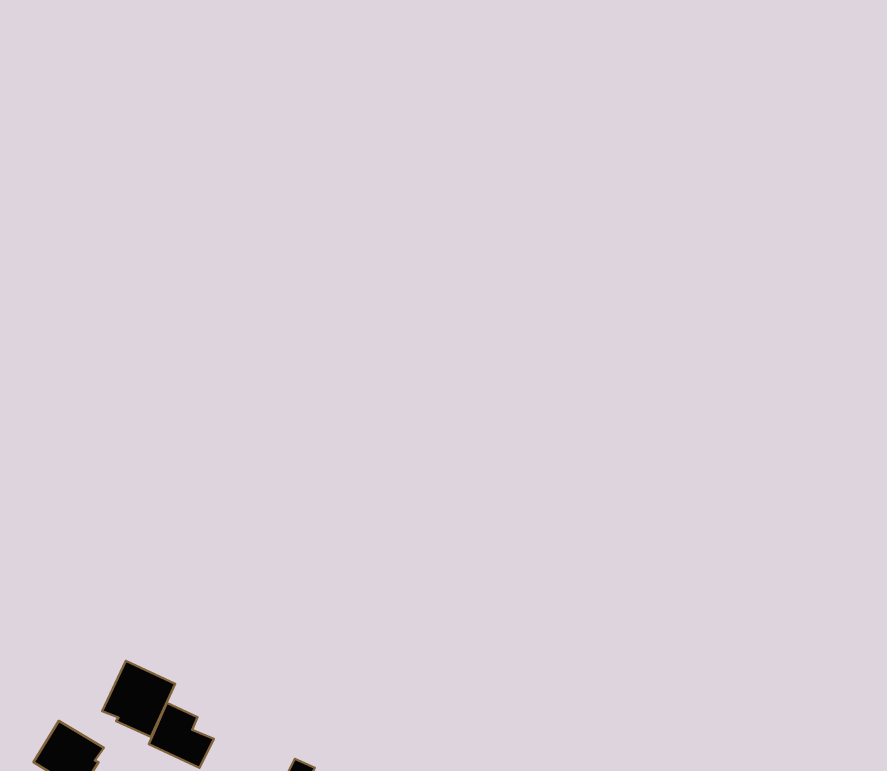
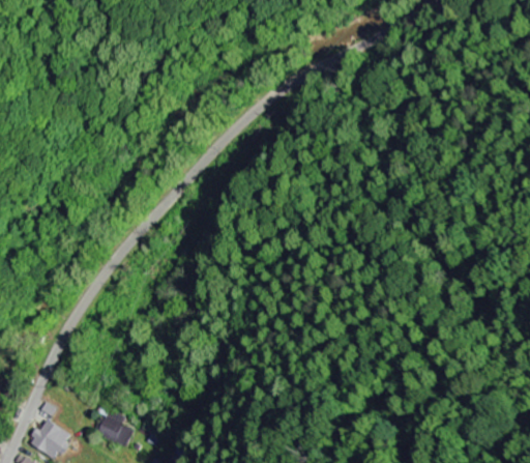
building: [102,661,175,737] -> none

